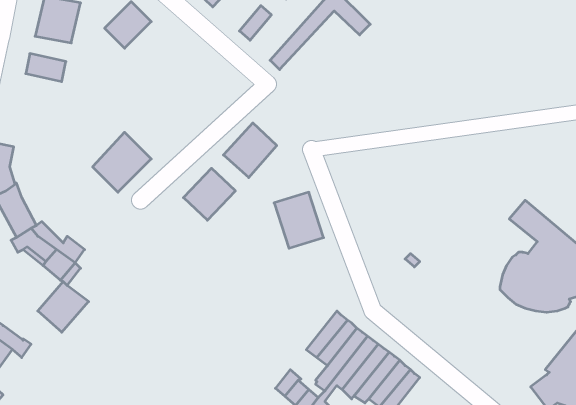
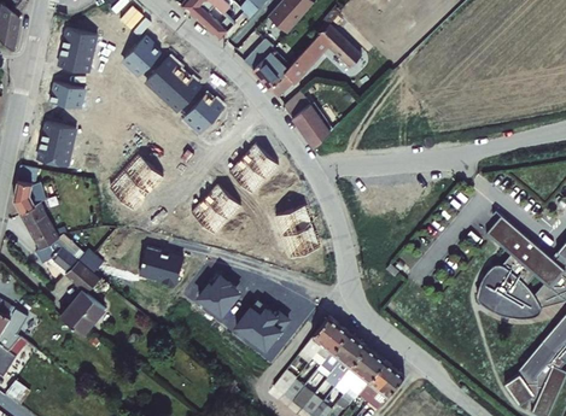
building: none -> [252,48,292,90]
building: none -> [144,57,202,115]
building: none -> [182,92,226,135]
building: none -> [282,95,329,148]
building: none -> [36,123,77,169]
building: none -> [139,247,183,286]
building: none -> [198,274,241,317]
building: none -> [235,306,291,350]

